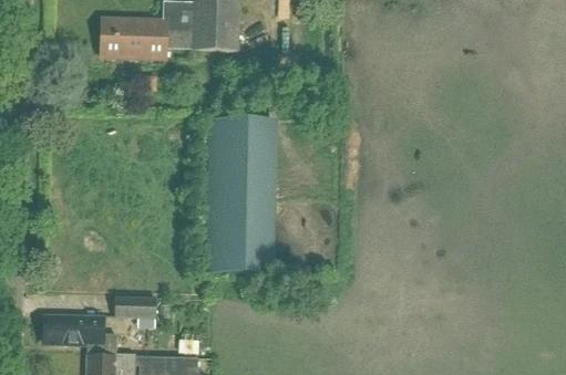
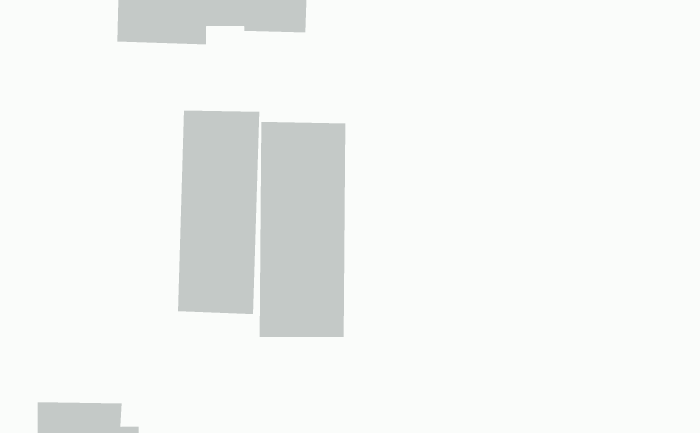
building: none -> [177,110,260,315]
building: [116,295,157,316] -> none

